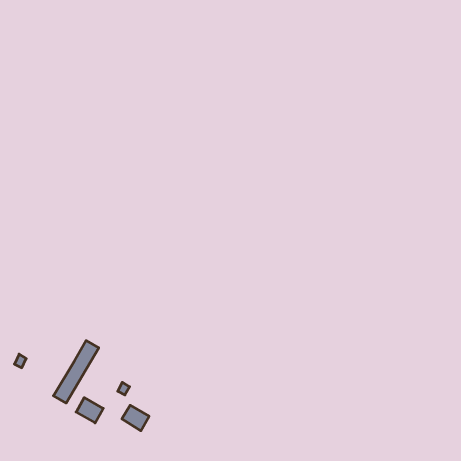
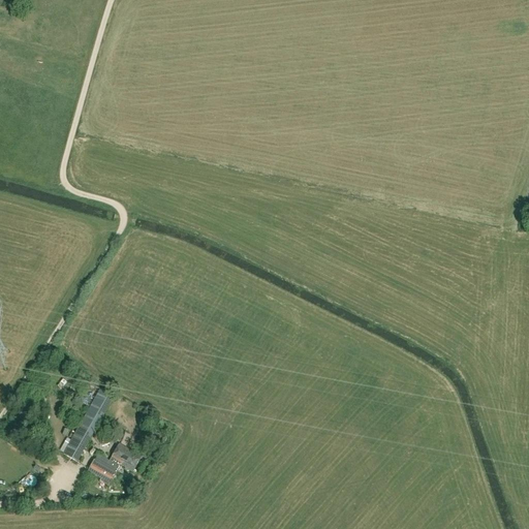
building: [122,405,149,431] -> [110,443,141,472]

